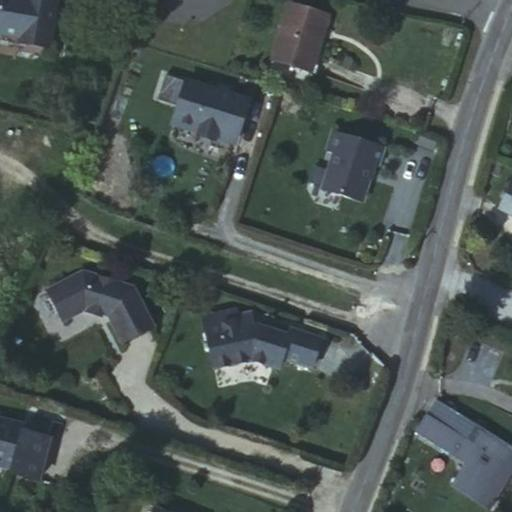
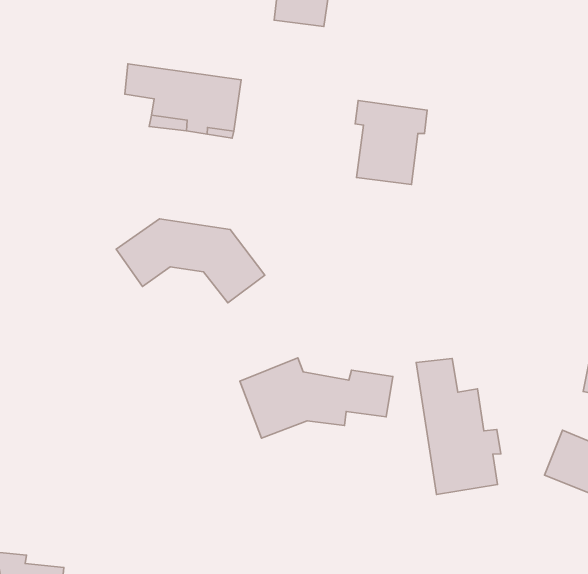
building: [46,271,153,342] -> [116,219,265,303]
building: none -> [416,358,501,494]

